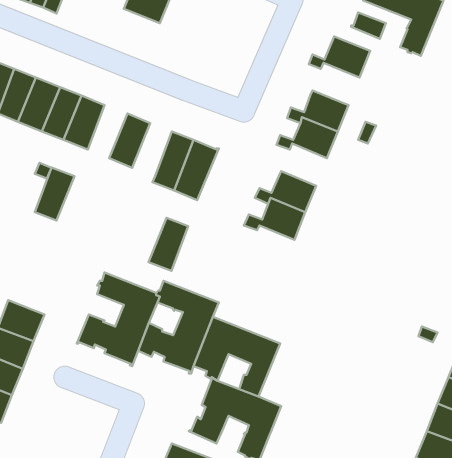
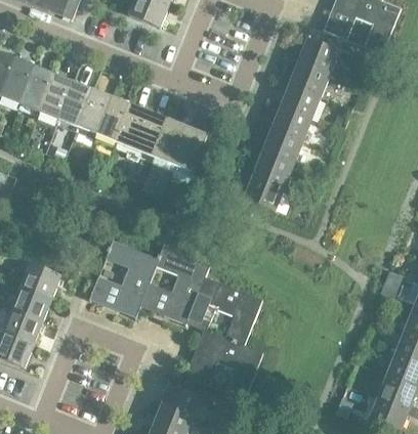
building: none -> [278,60,330,96]
building: none -> [250,129,302,165]
building: [35,168,74,221] -> [98,96,132,141]
building: [149,218,188,271] -> [136,112,170,157]

